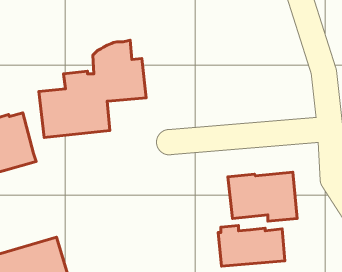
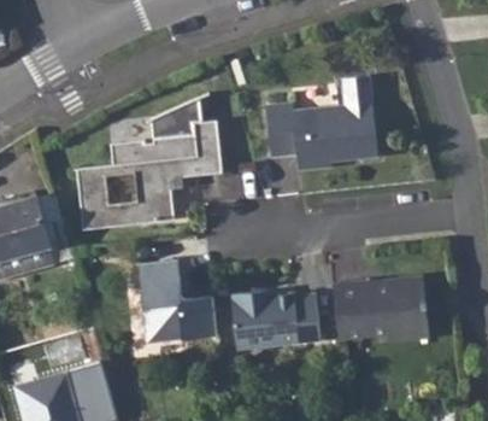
building: none -> [264,76,375,166]
building: none -> [140,262,216,339]
building: [218,225,285,266] -> [228,291,318,346]

